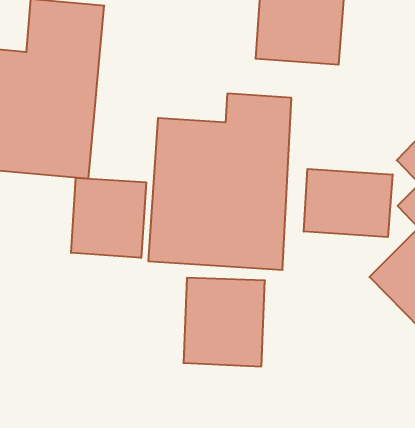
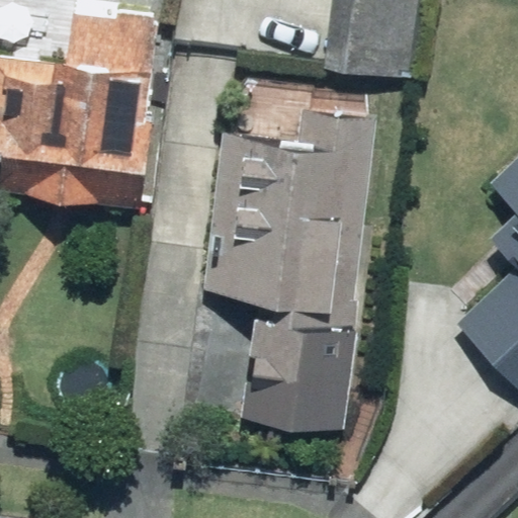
building: [304,169,393,237] -> none
building: [71,178,146,258] -> none

